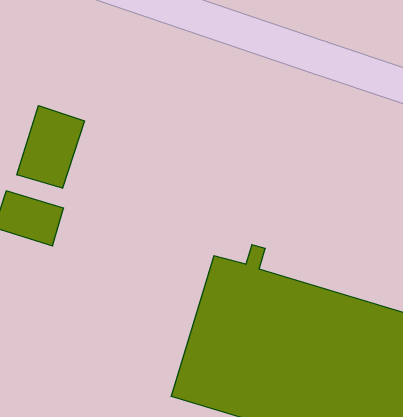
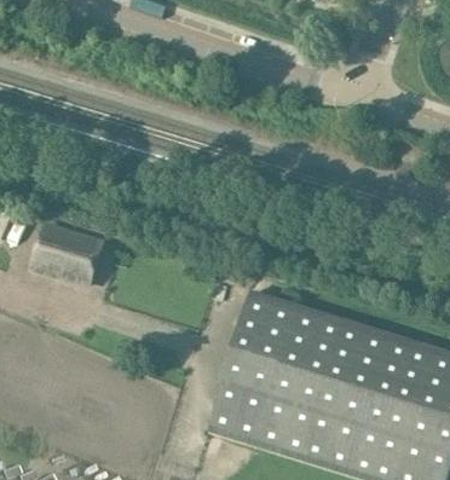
building: [17,106,84,188] -> none

